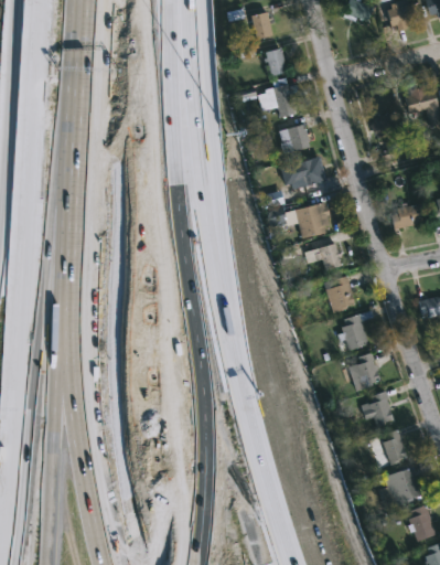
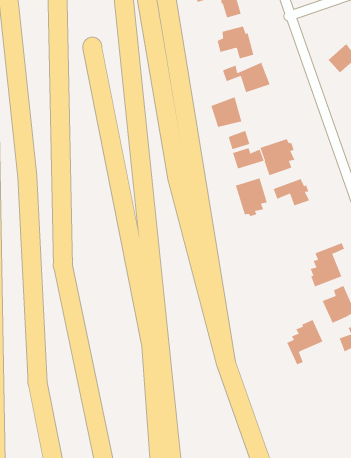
building: [287,157,318,186] -> [210,97,242,127]
building: none -> [235,177,268,217]
building: [324,275,356,312] -> none
building: none -> [286,319,323,365]

